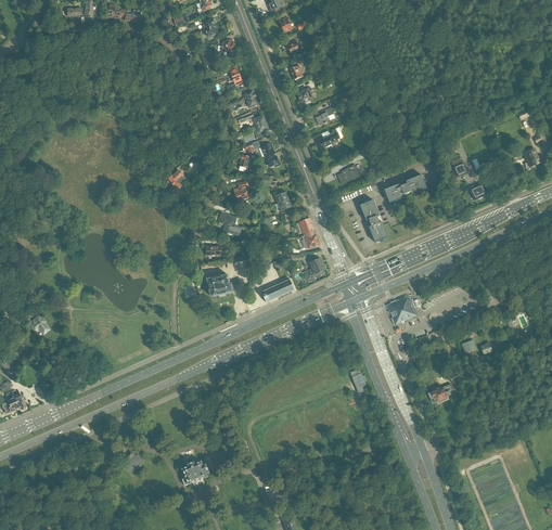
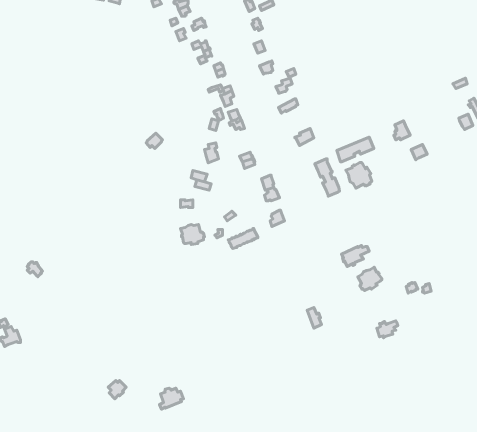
building: none -> [346,162,372,188]
building: none -> [358,267,382,290]

